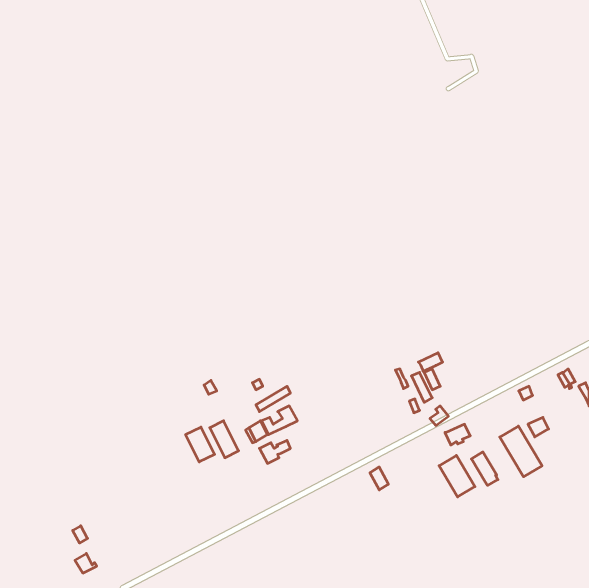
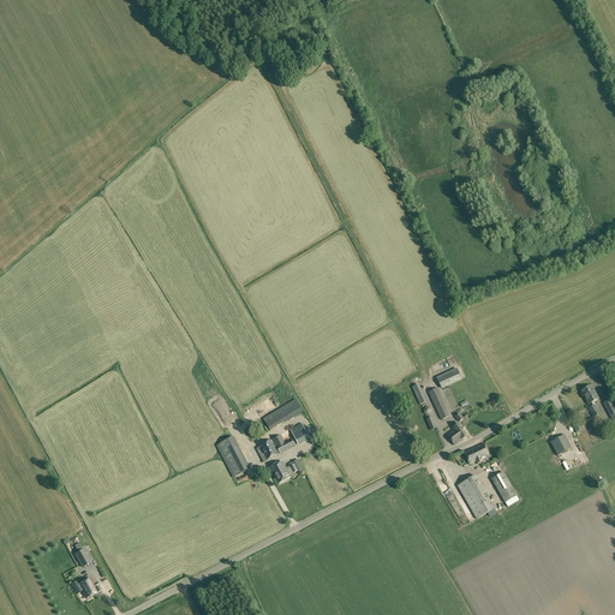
building: [500,426,542,477] -> none
building: [186,427,215,462] -> none

